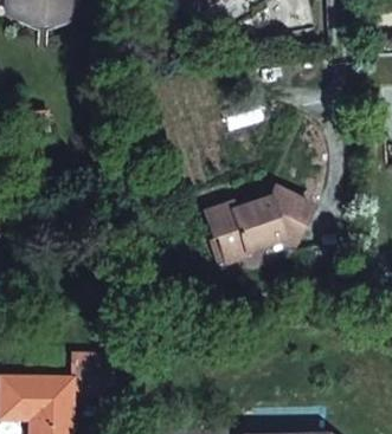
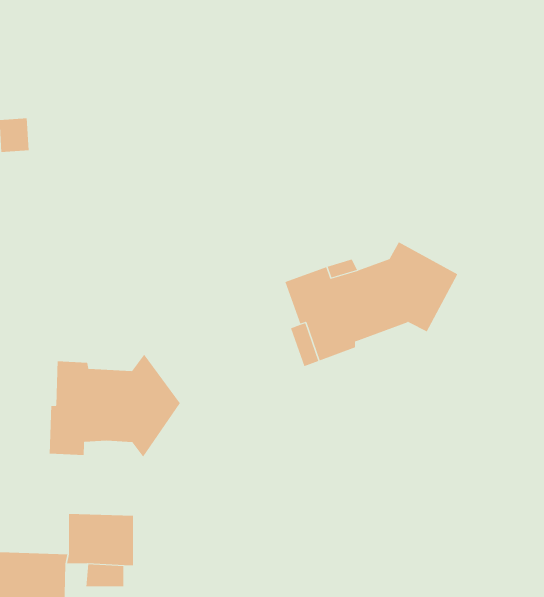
building: none -> [49,354,180,458]

